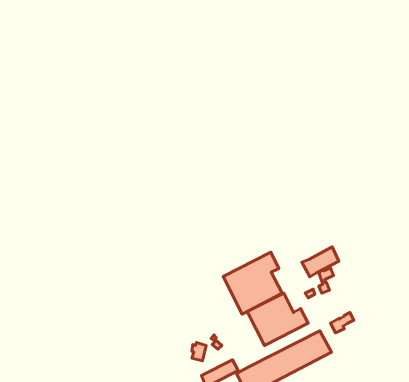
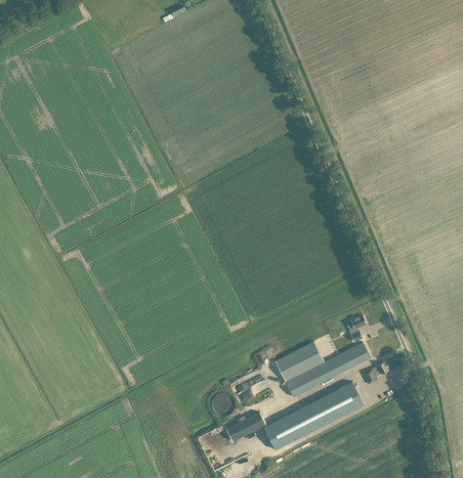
building: [302,247,339,277] -> [331,342,370,374]
building: [223,252,282,314] -> none

